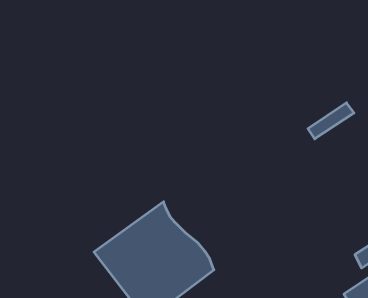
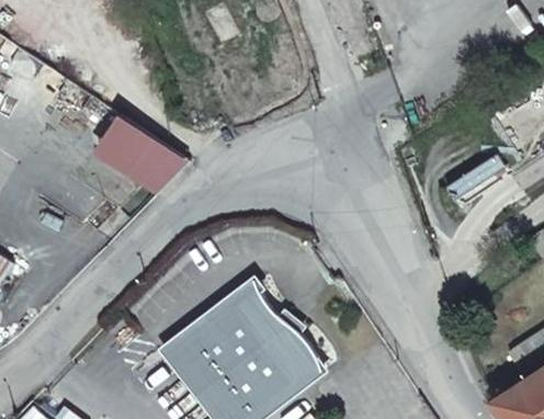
building: none -> [100,115,189,189]

